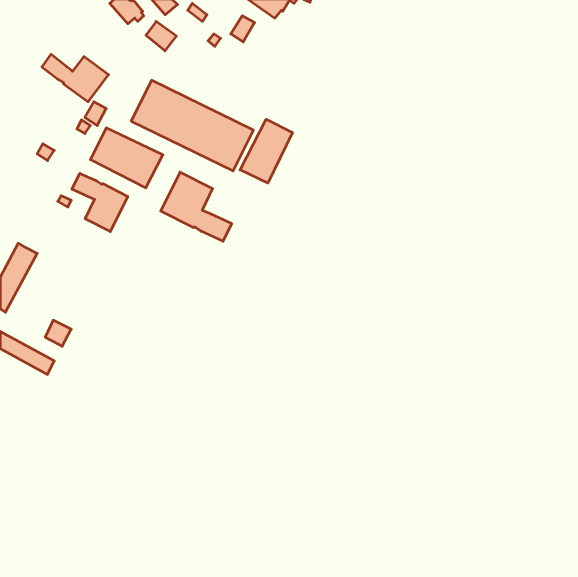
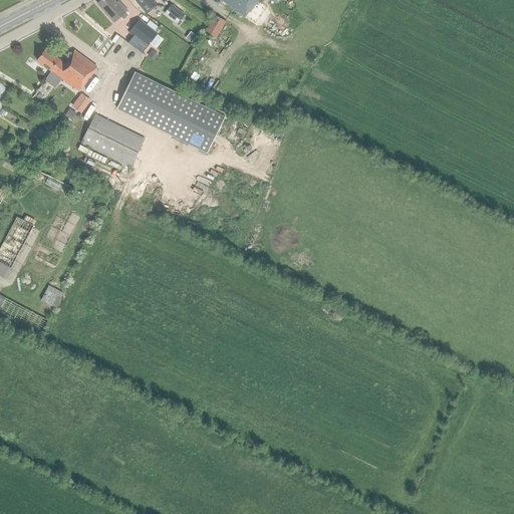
building: [240,119,292,183] -> none
building: [161,172,232,241] -> none
building: [72,173,128,232] -> none

